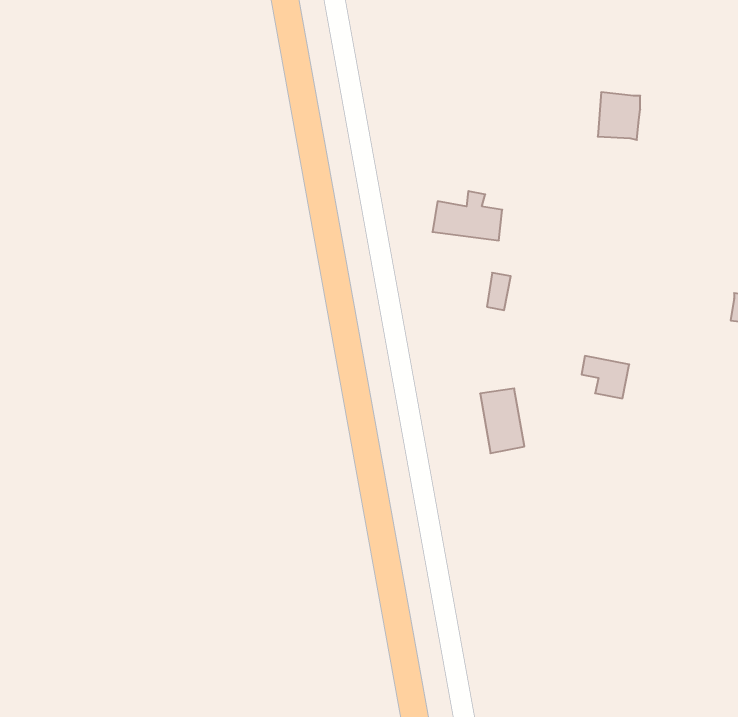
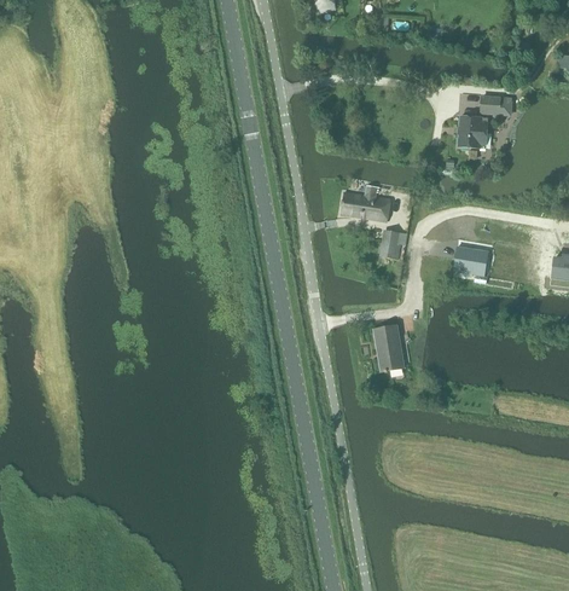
building: none -> [478,94,512,116]
building: [582,356,629,398] -> [454,245,488,276]

